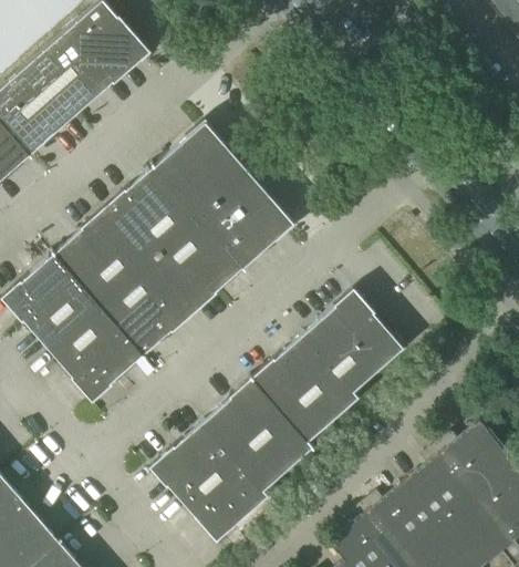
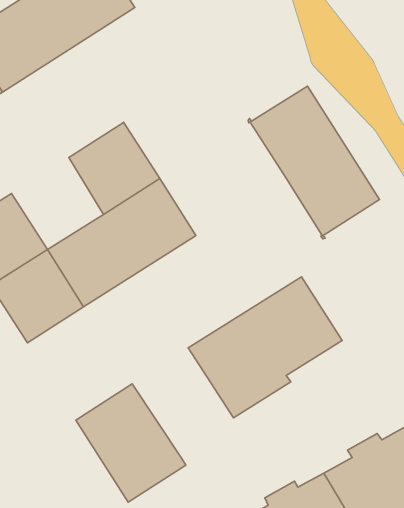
building: [150,122,292,270] -> [248,86,380,239]
building: [53,209,147,303] -> none
building: [201,379,313,489] -> none

